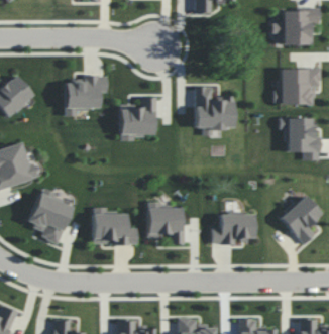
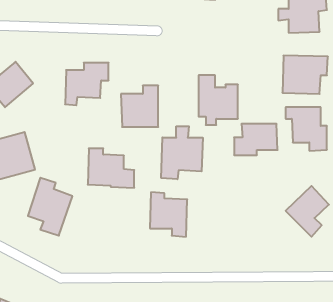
building: none -> [161,126,203,179]
building: [92,207,137,245] -> [88,148,134,188]
building: [212,214,254,244] -> [234,124,278,155]

